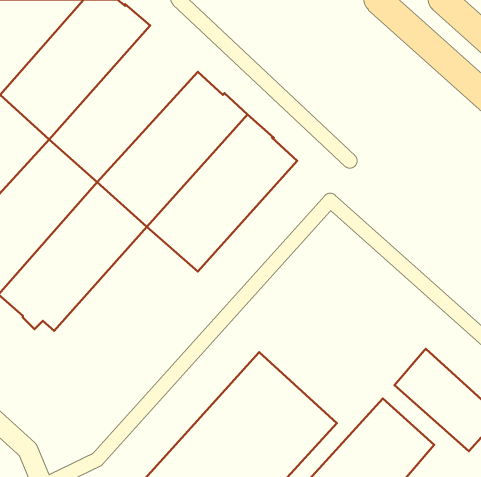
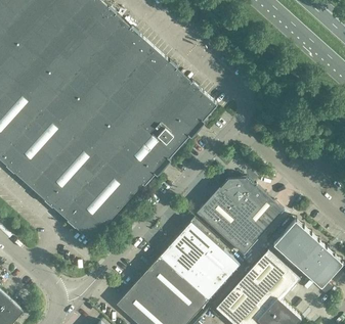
building: none -> [60,19,153,117]
building: none -> [63,144,153,239]
building: none -> [197,177,283,254]

